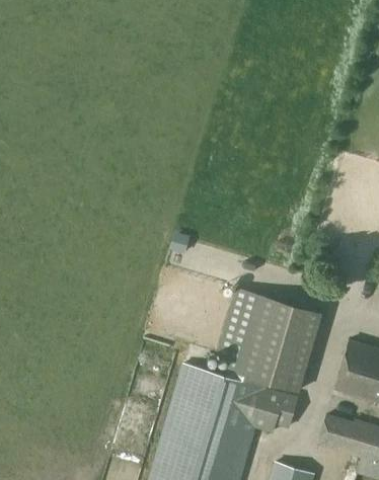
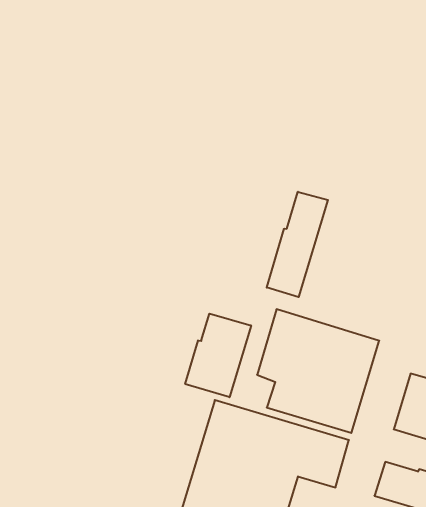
building: none -> [267,192,328,297]
building: none -> [185,314,251,397]

